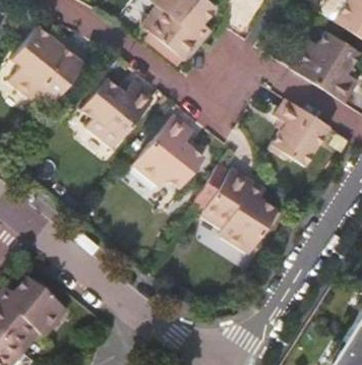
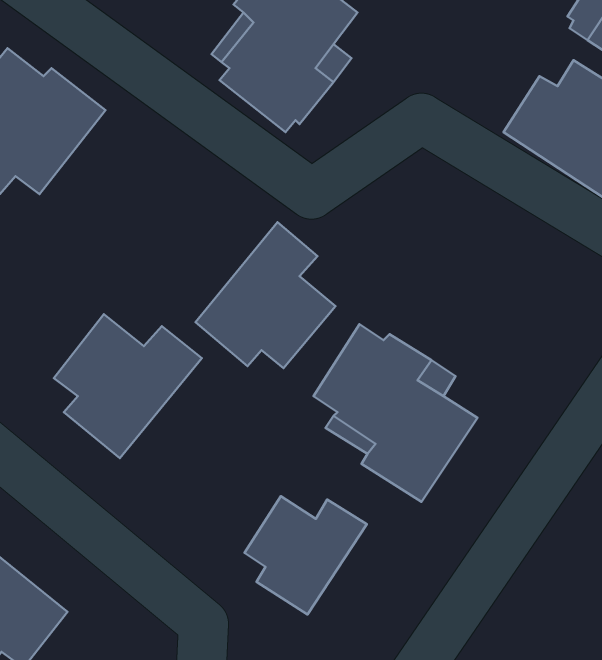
building: [80,75,156,148] -> [54,314,202,458]
building: [269,100,331,169] -> none
building: none -> [244,496,367,614]

